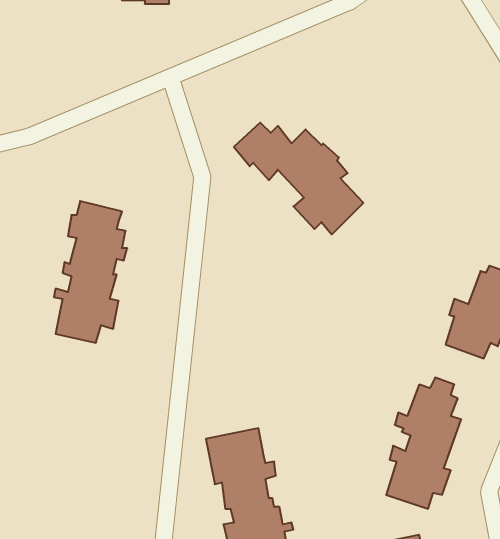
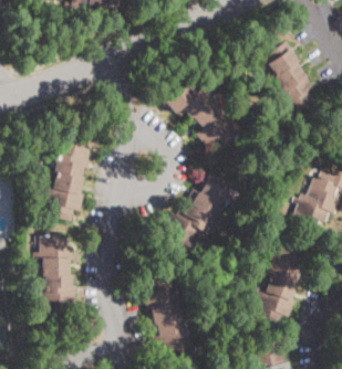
building: none -> [268,41,317,114]
building: none -> [163,172,232,249]
building: none -> [34,234,79,316]

